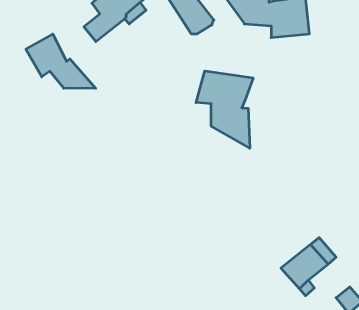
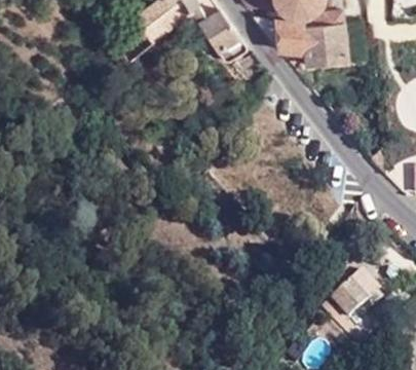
building: [26,34,96,88] -> none
building: [196,71,253,148] -> none

